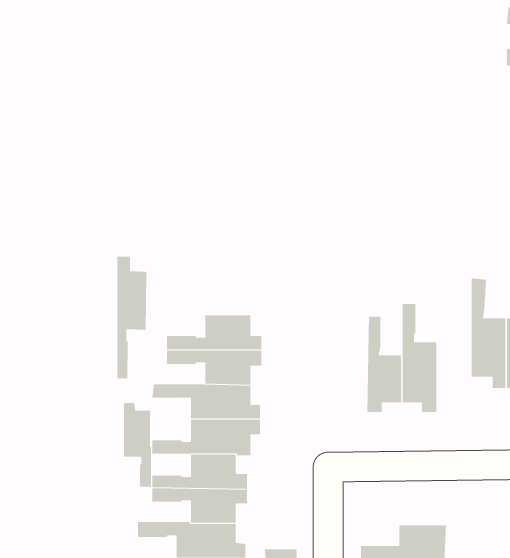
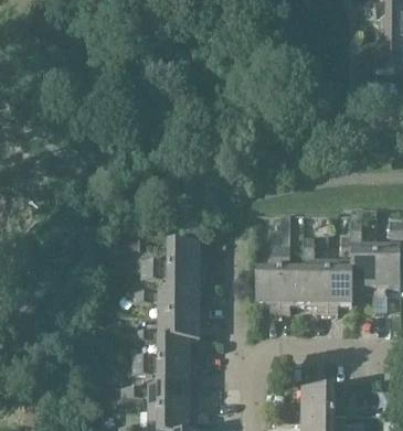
building: [117,256,147,379] -> none
building: none -> [328,234,352,310]
building: none -> [255,243,280,309]
building: [124,402,152,488] -> none

